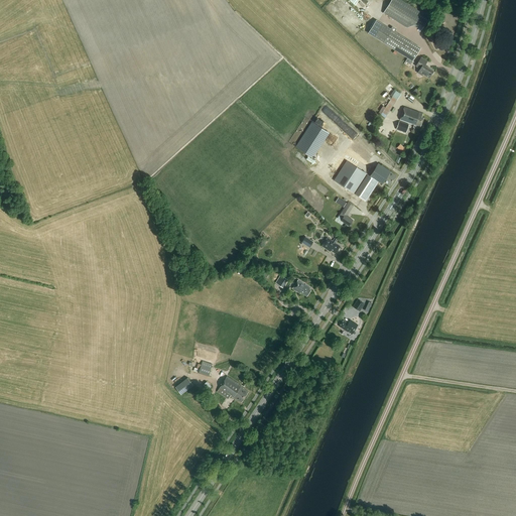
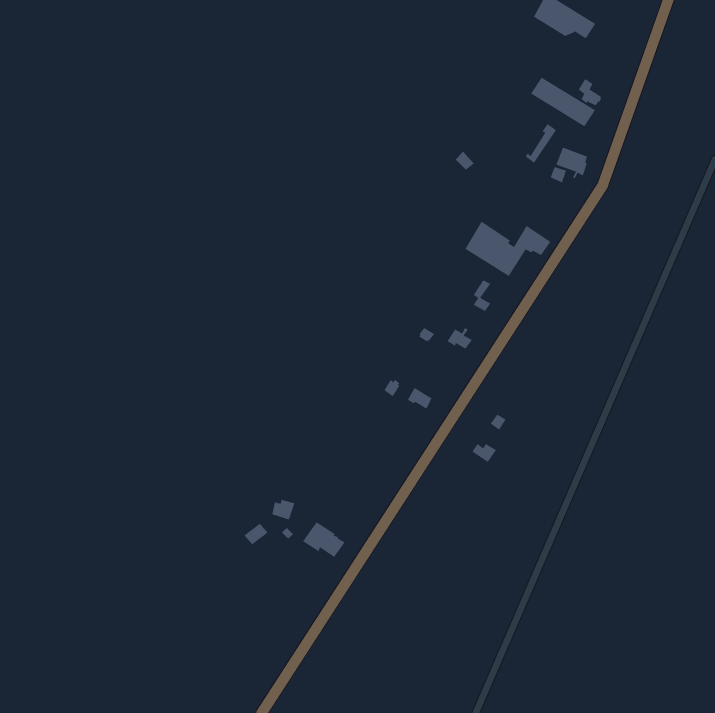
building: [374,23,421,59] -> [530,77,596,127]
building: [295,120,330,157] -> none

